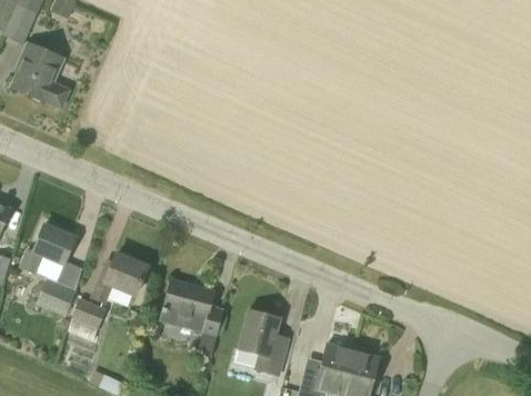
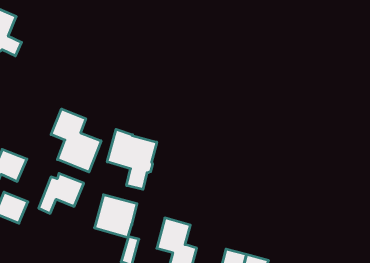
building: none -> [51,109,101,172]
building: none -> [107,129,157,189]
building: [70,297,106,328] -> none

